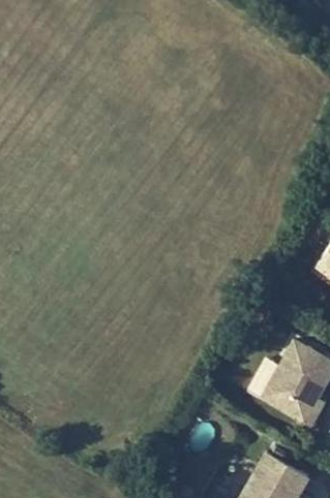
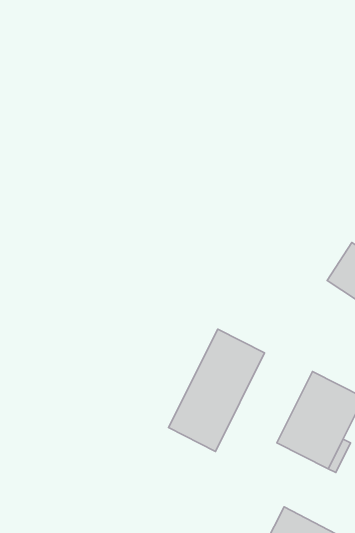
building: none -> [169,329,265,451]

